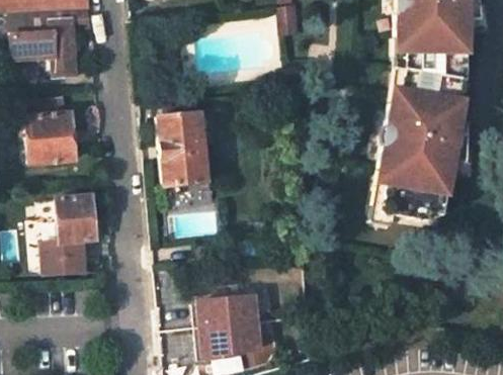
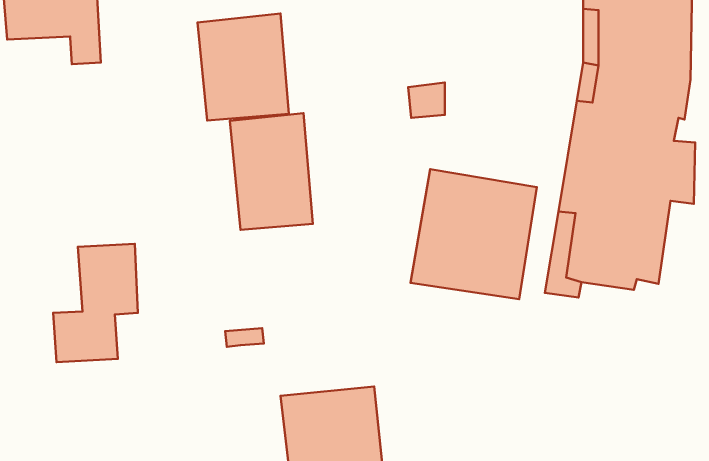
building: none -> [198,14,289,121]
building: [26,95,79,162] -> none
building: none -> [411,169,537,299]

